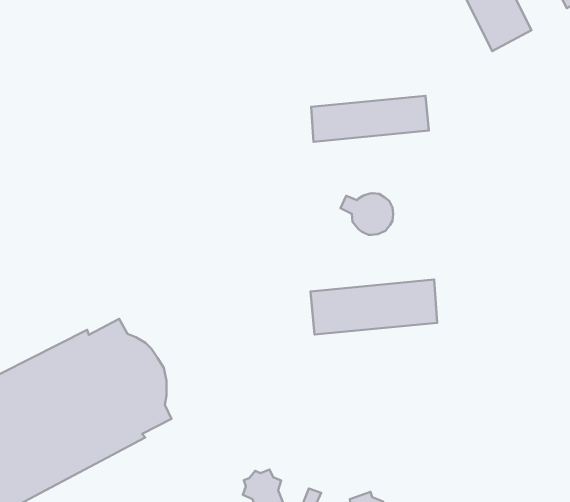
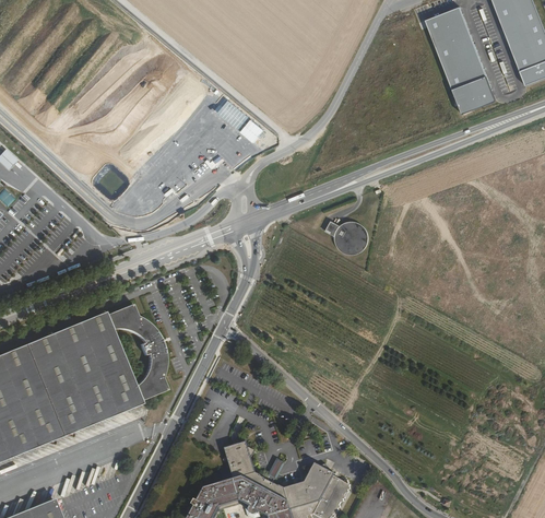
building: [311,96,429,142] -> none
building: [311,279,437,334] -> none

